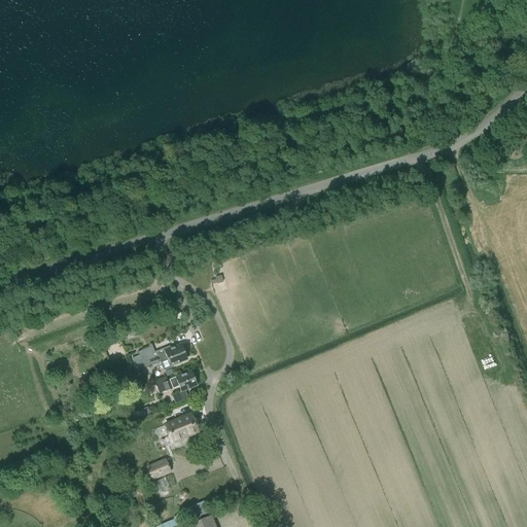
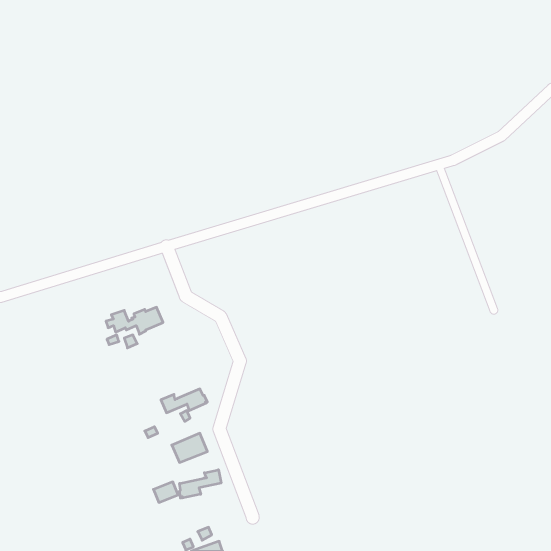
building: [133,344,187,370] -> [106,307,163,334]
building: none -> [180,470,221,498]

